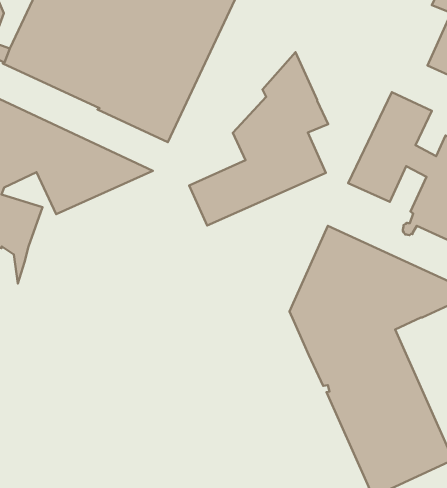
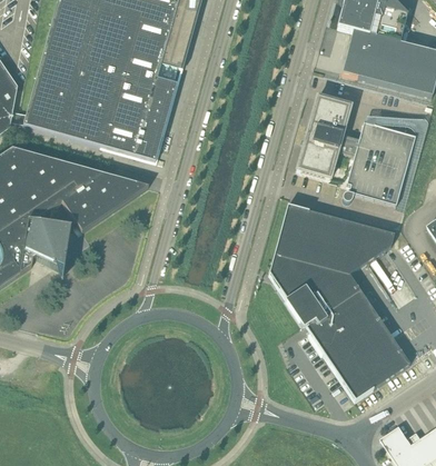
building: [189,52,328,226] -> none

